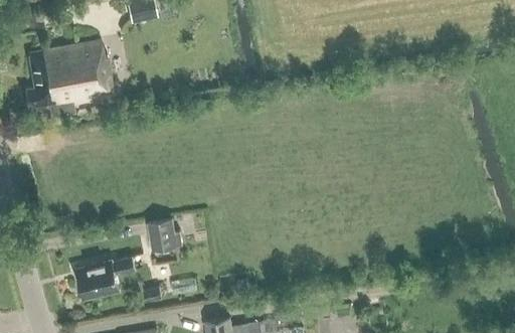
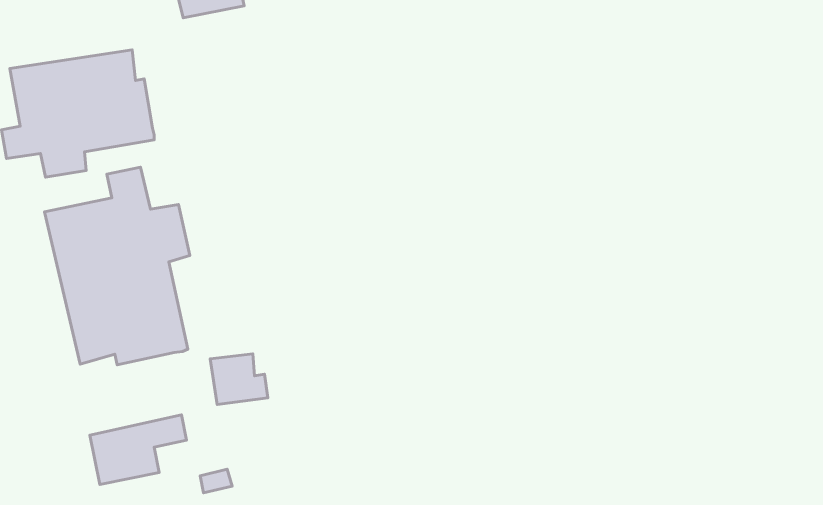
building: none -> [44,167,190,365]

